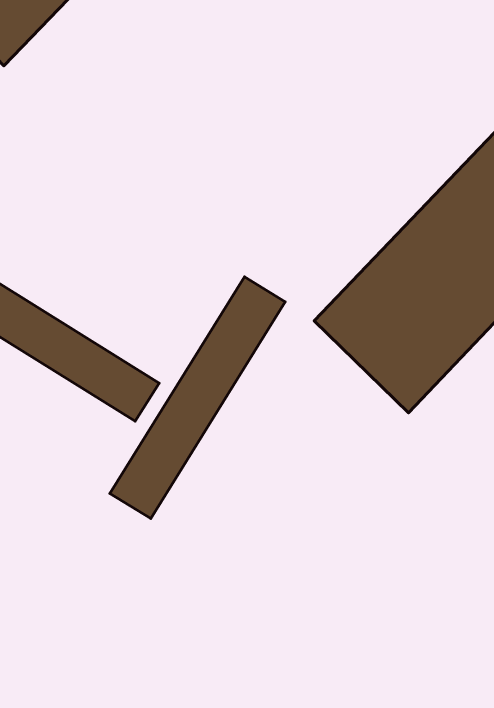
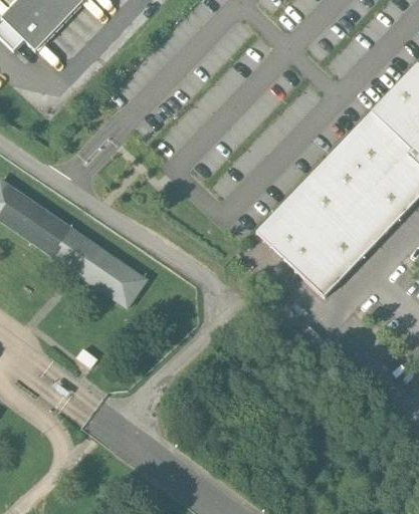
building: [110,277,285,519] -> none

